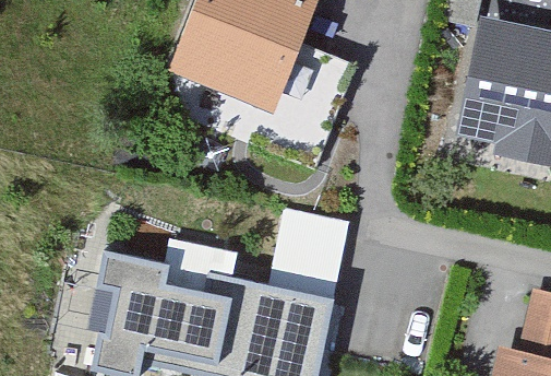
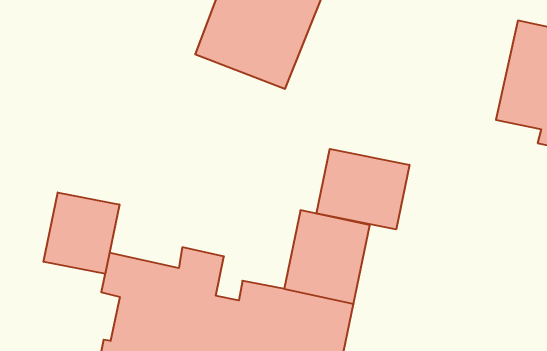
building: none -> [316,149,409,229]
building: none -> [44,192,119,274]

